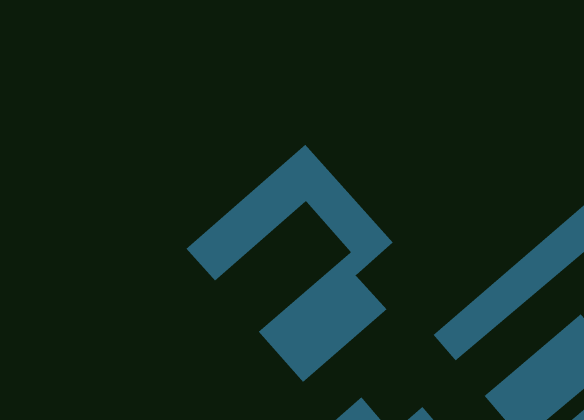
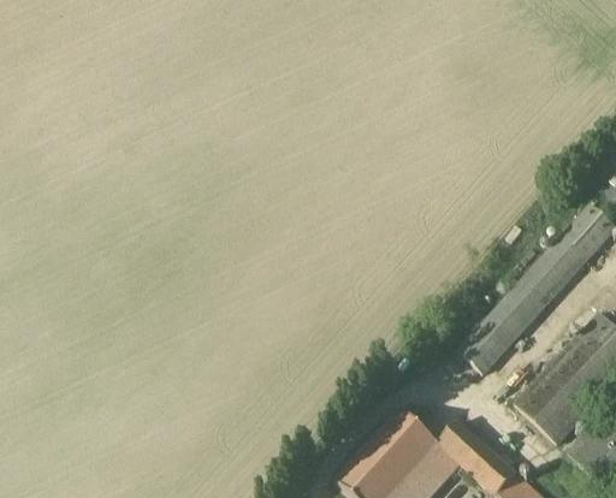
building: [185,144,393,383] -> none

